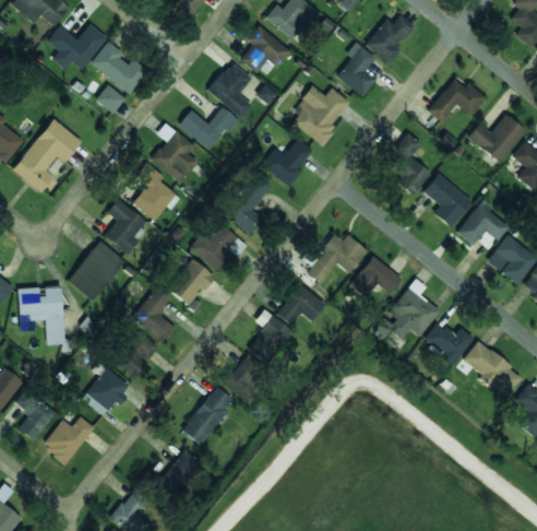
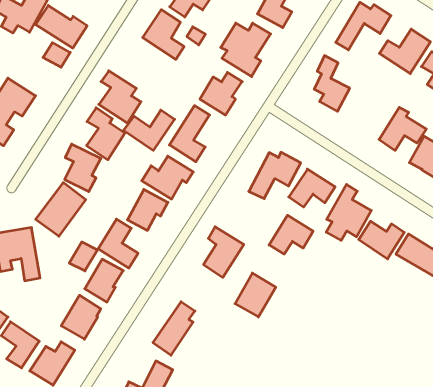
building: [179,107,237,151] -> [124,110,175,150]
building: [425,175,473,228] -> none
building: [276,284,326,327] -> [269,215,313,254]
building: none -> [69,242,97,271]
building: [224,353,271,402] -> [235,273,276,317]

